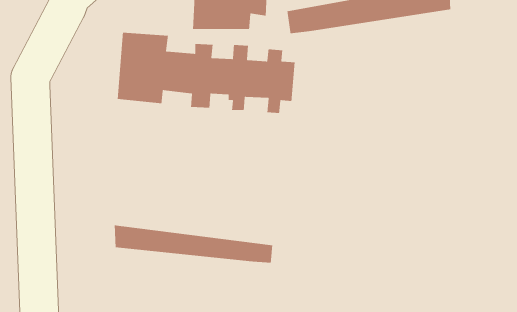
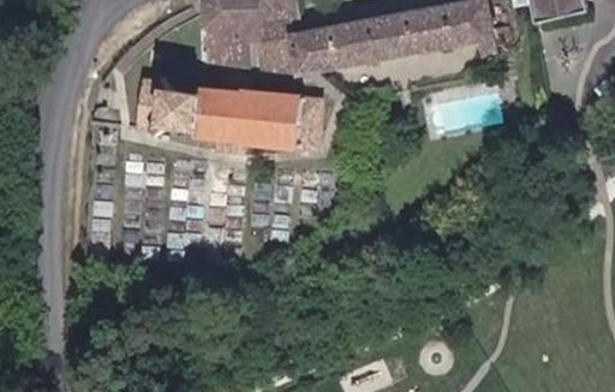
building: [114,225,273,264] -> none

